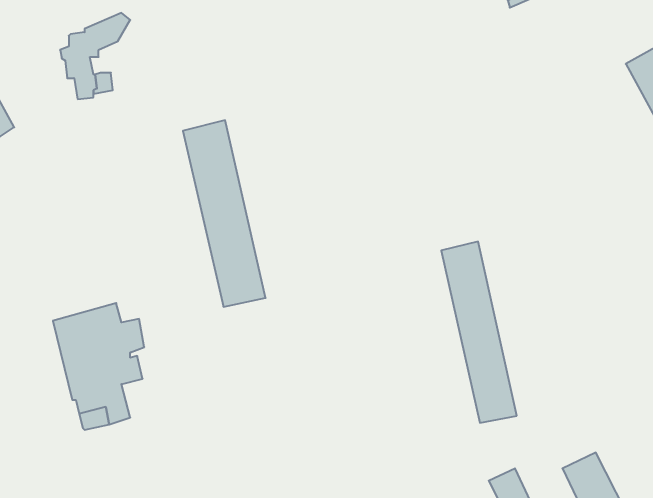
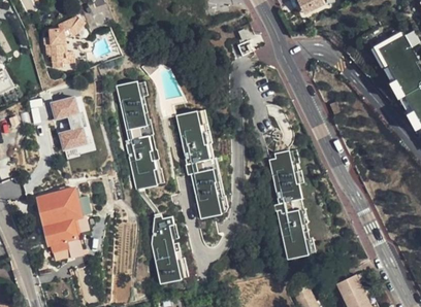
building: none -> [52,95,89,150]
building: none -> [174,110,222,216]
building: none -> [150,211,182,284]

